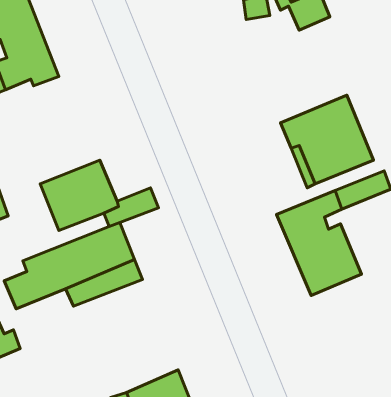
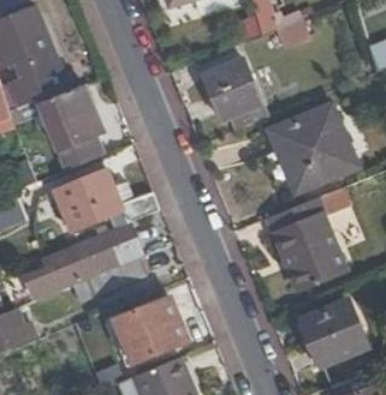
building: none -> [202,59,260,120]
building: none -> [36,85,105,172]
building: none -> [117,298,186,361]
building: none -> [302,301,363,364]

